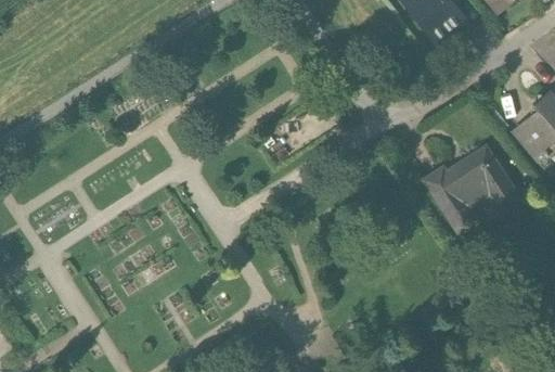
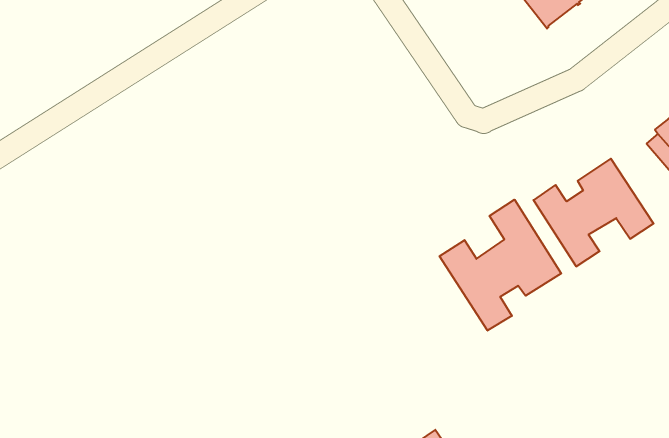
building: none -> [440,200,561,331]

